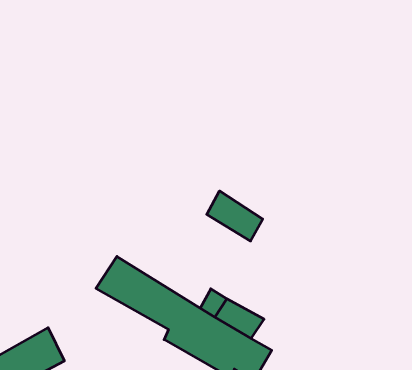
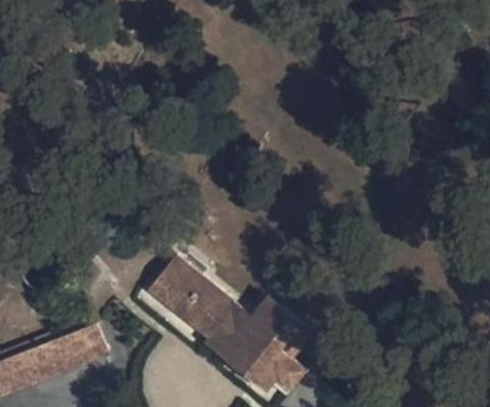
building: [207,191,263,241] -> none

